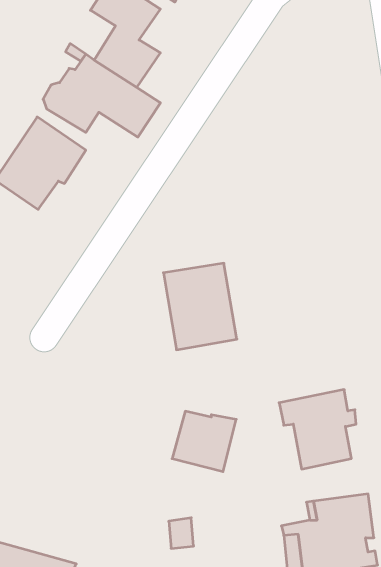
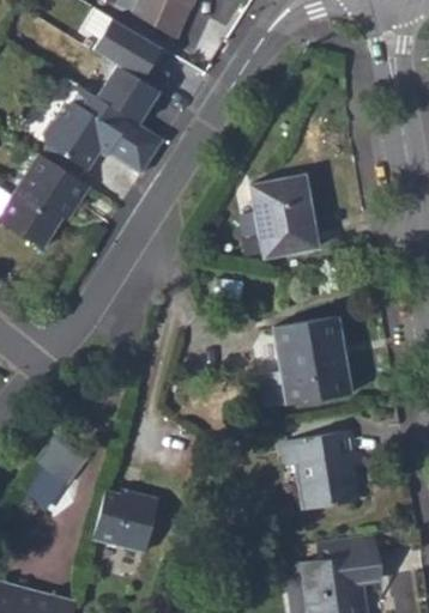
building: none -> [253,177,314,255]
building: [163,263,237,350] -> [277,317,351,405]
building: none -> [23,438,90,509]
building: [172,411,236,472] -> [96,492,161,553]

